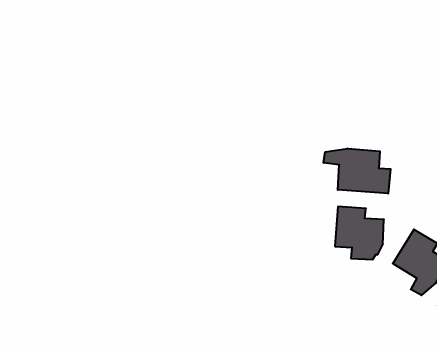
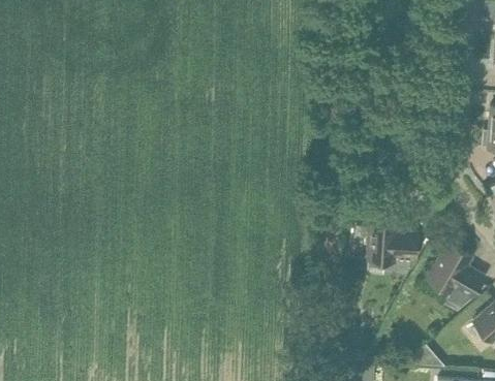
building: [324,148,391,194] -> none

